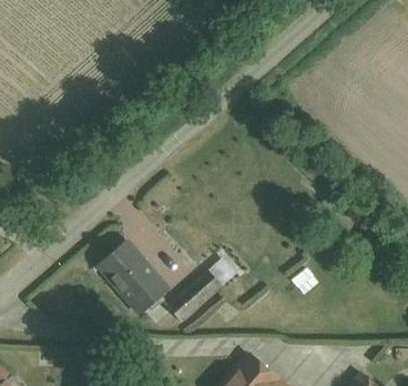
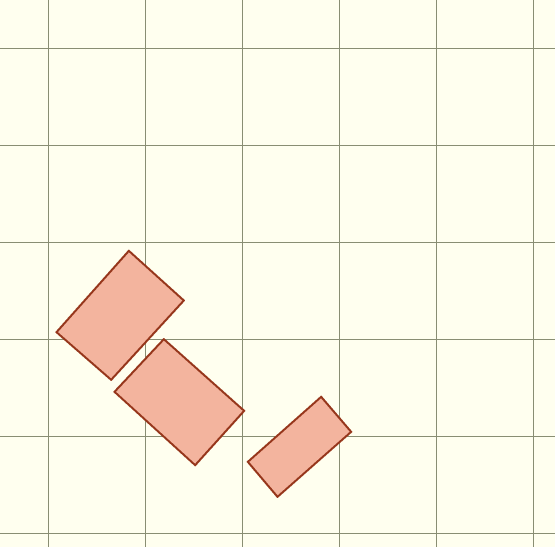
building: none -> [57,251,184,380]

